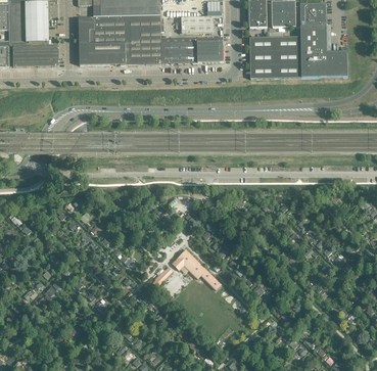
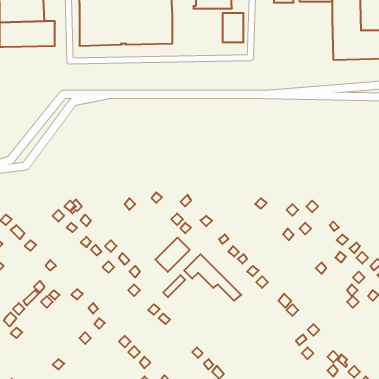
building: [160,37,204,63] -> none
building: [249,37,301,79] -> none
building: none -> [155,238,190,272]

